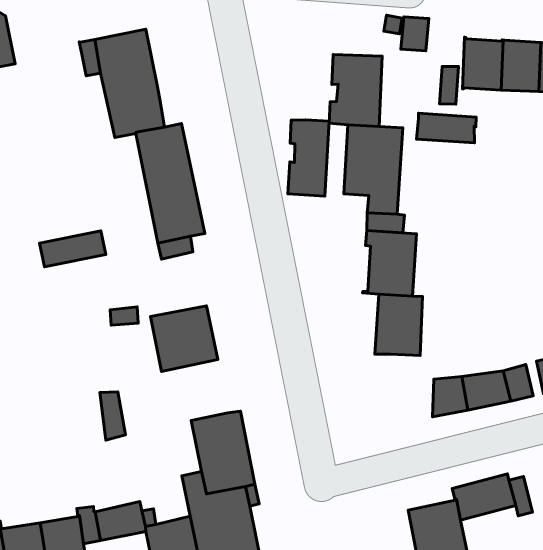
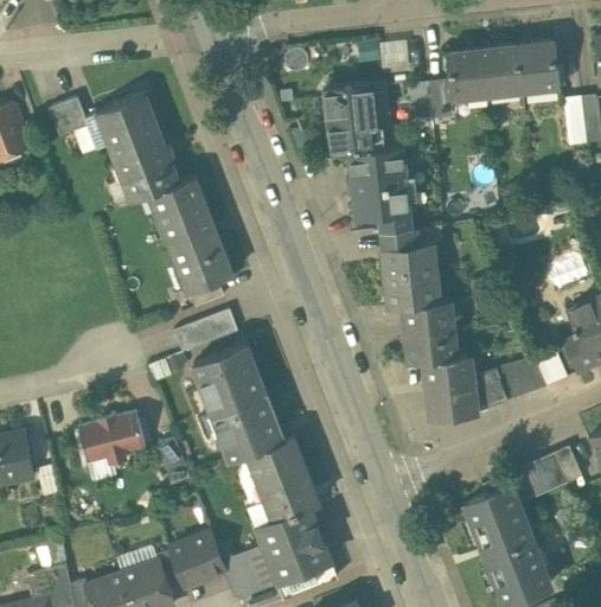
building: none -> [49,97,87,136]
building: [417,113,476,143] -> none
building: [288,120,329,196] -> none
building: [39,231,106,267] -> [173,309,237,352]
building: none -> [424,356,474,418]
building: none -> [77,411,145,464]
building: none -> [212,392,281,461]

